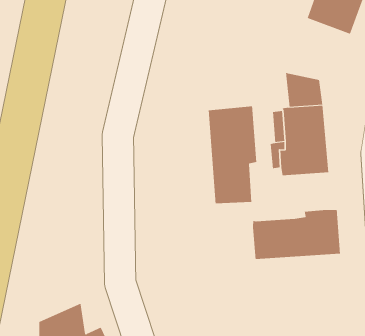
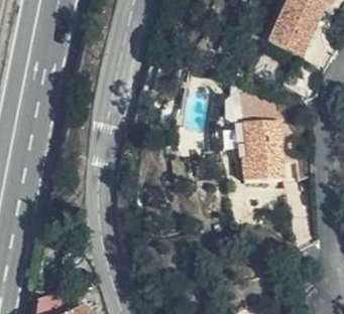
building: [208,106,257,204] -> none
building: [252,209,340,260] -> none

